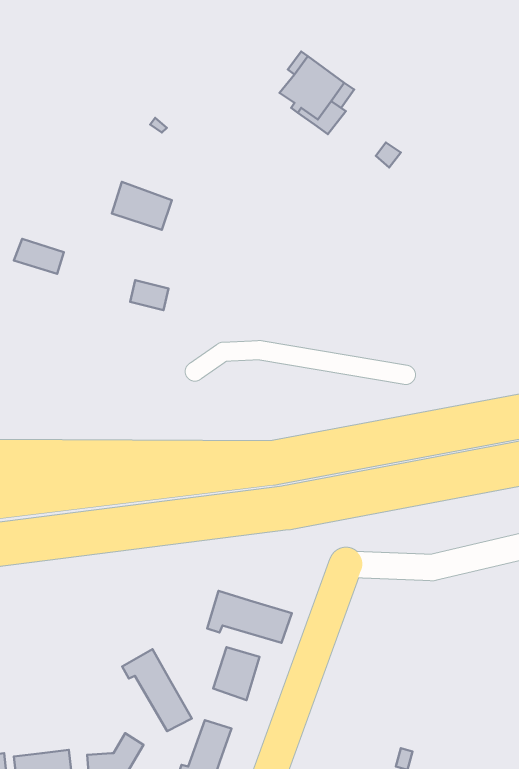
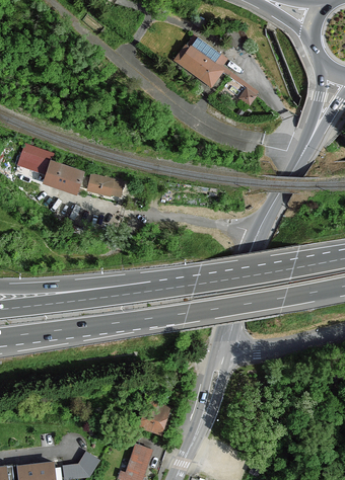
building: [112,182,172,230] -> [45,162,81,191]
building: [207,591,292,643] -> none
building: [122,649,192,731] -> none

